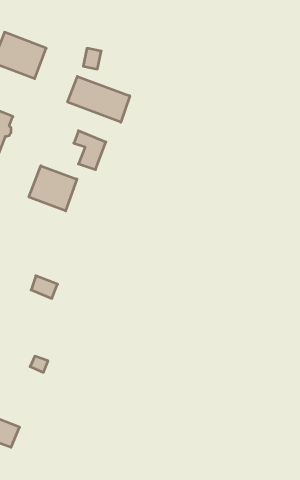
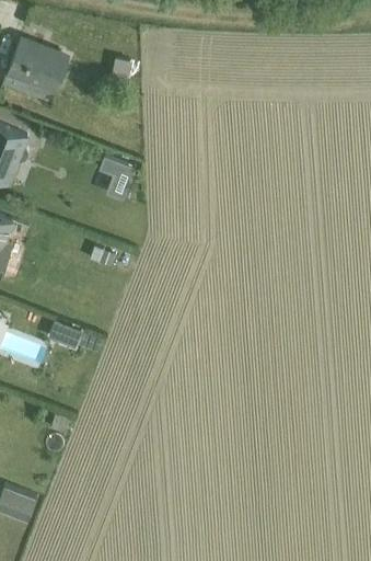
building: [68,76,130,122] -> none
building: [29,166,77,211] -> none

